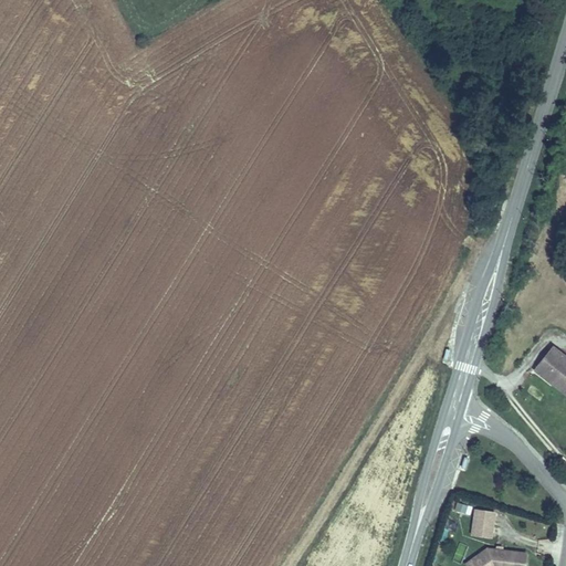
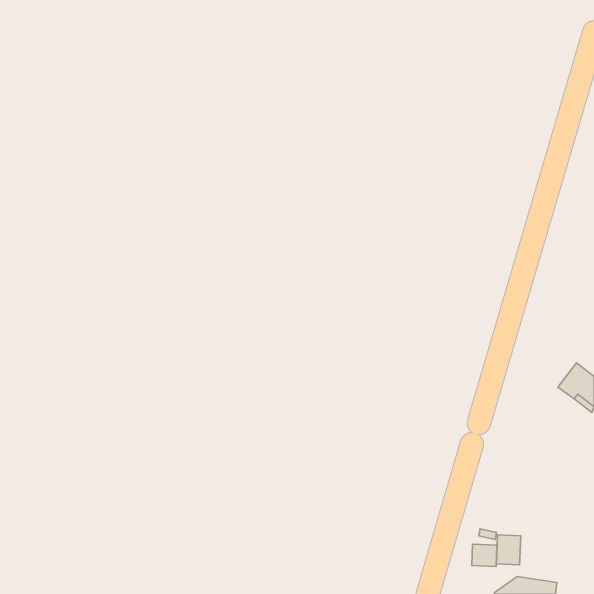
building: none -> [472,544,497,567]

